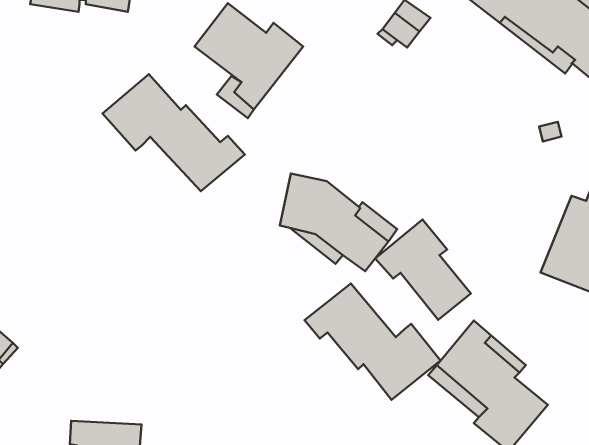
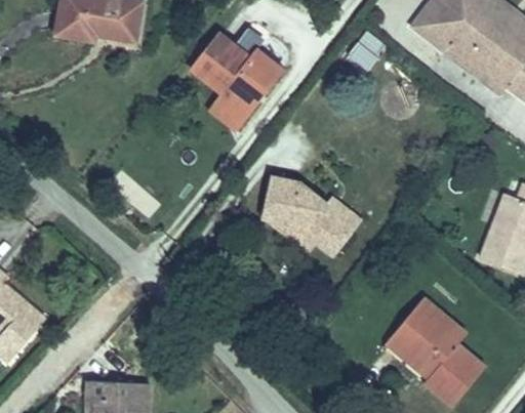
building: [102,74,245,191] -> none
building: [375,220,471,320] -> none
building: [305,283,441,400] -> none

